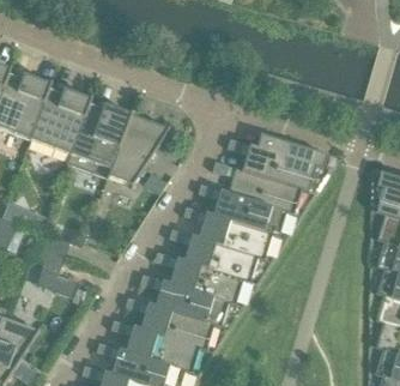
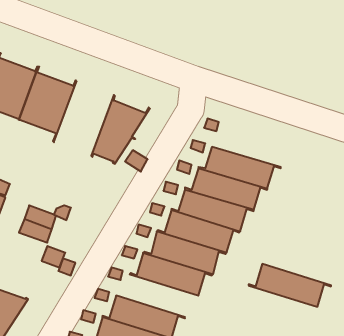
building: [66,97,129,176] -> none
building: [234,132,326,188] -> none
building: [132,302,219,348] -> [249,264,331,307]

